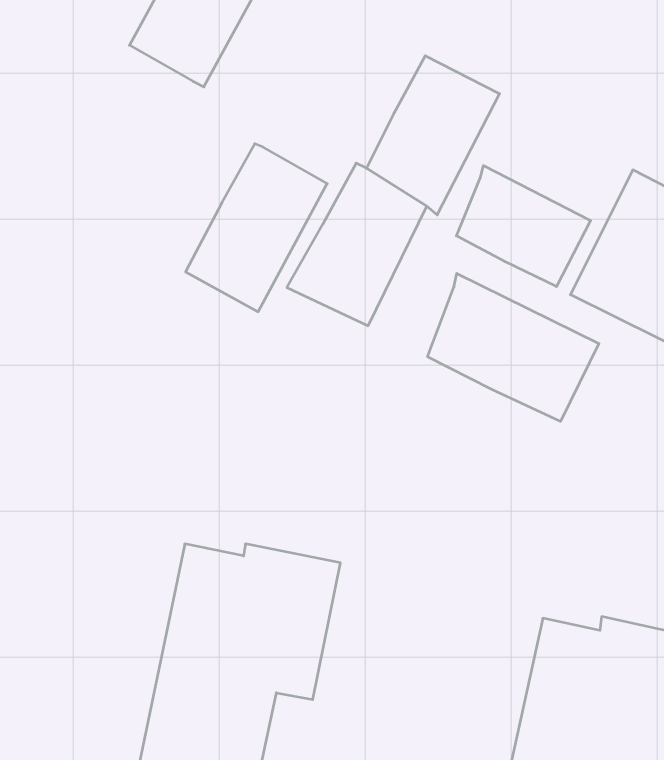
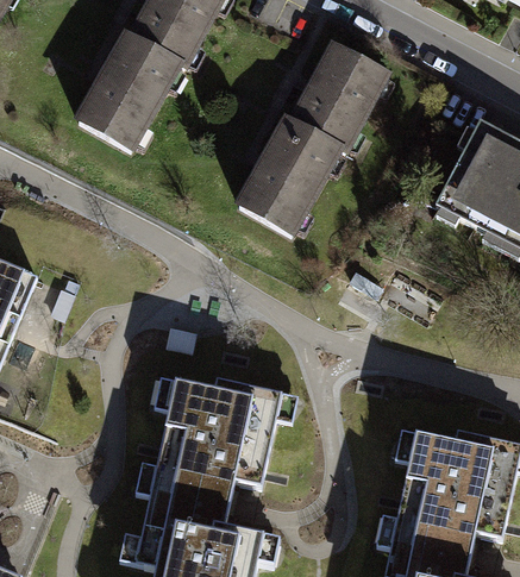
building: [186,144,327,312] -> [77,35,175,150]
building: [456,166,591,287] -> none
building: [428,273,599,421] -> none

